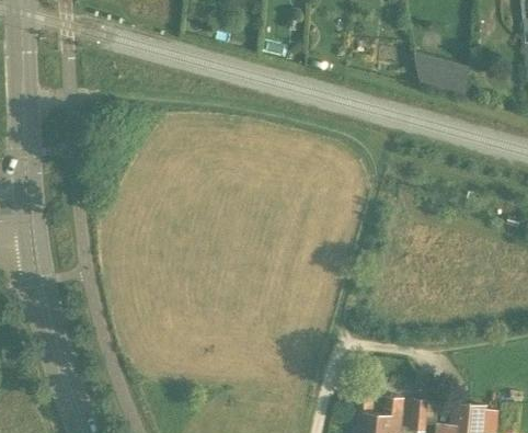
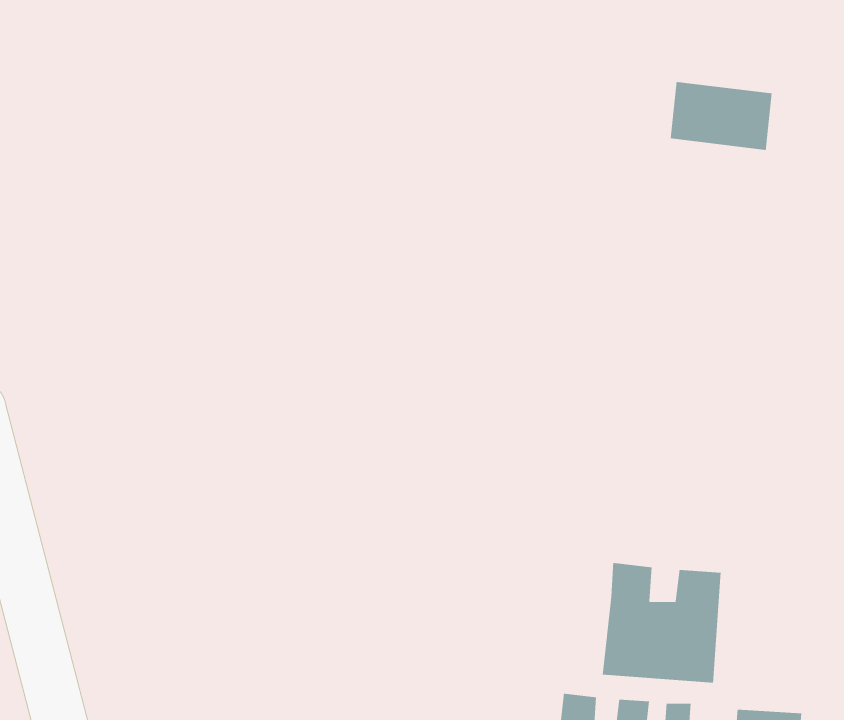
building: none -> [602,562,721,684]

